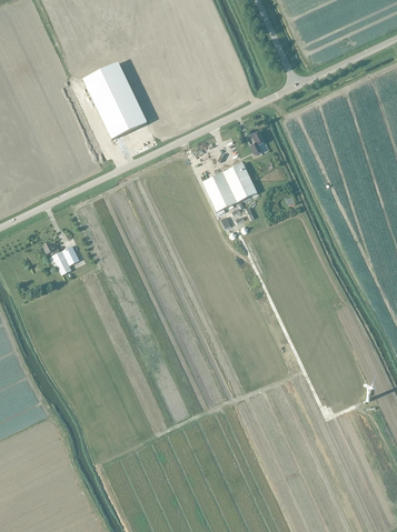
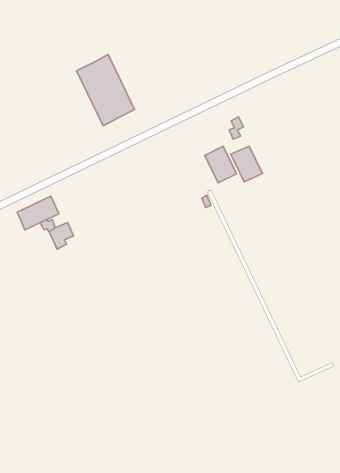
building: [205,171,239,210] -> [231,146,263,182]
building: none -> [17,196,59,230]

